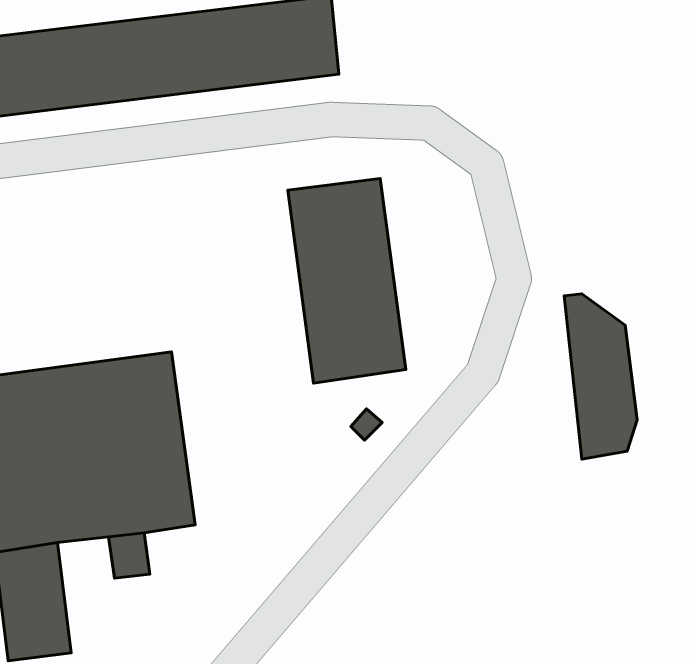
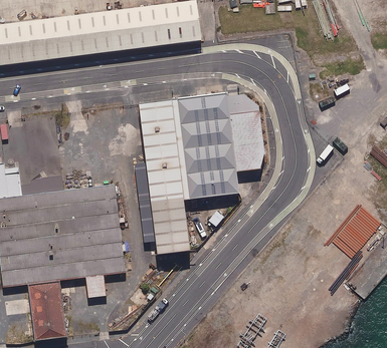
building: none -> [133,100,193,255]
building: [564,294,637,459] -> [225,91,262,176]

